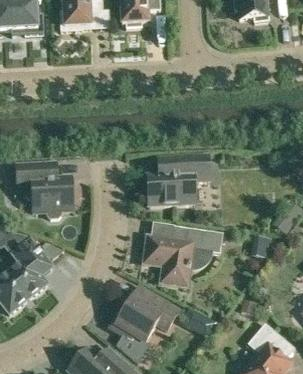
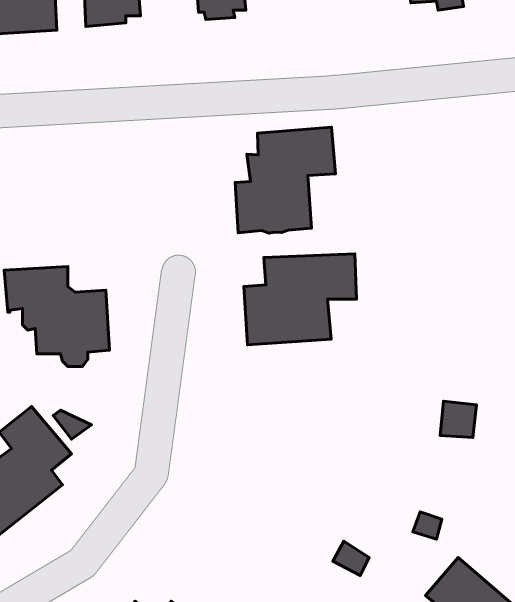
building: none -> [235,127,336,233]
building: [144,223,222,285] -> none
building: [109,286,178,342] -> none

